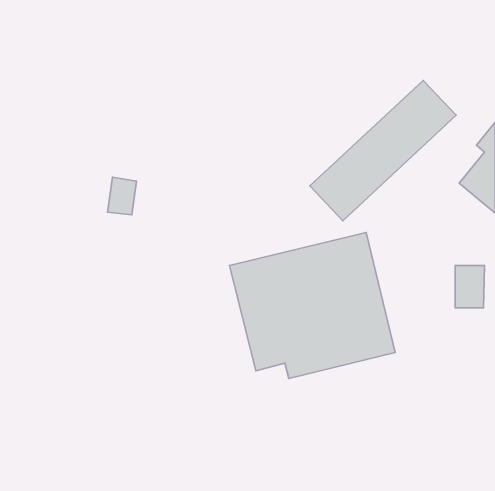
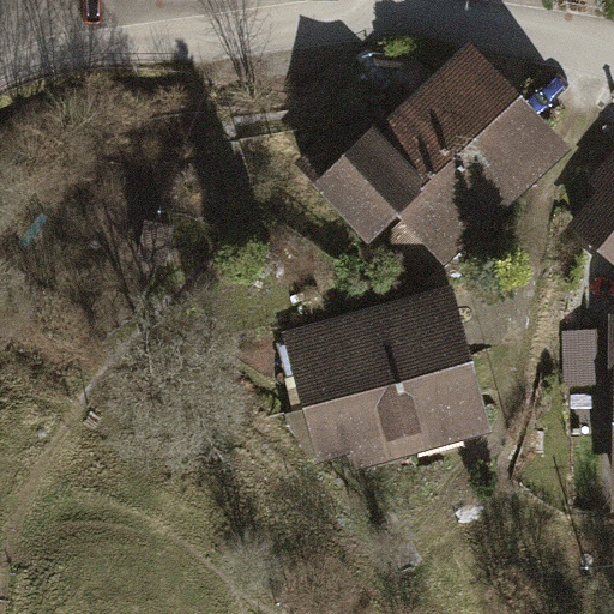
building: none -> [295,46,524,243]

